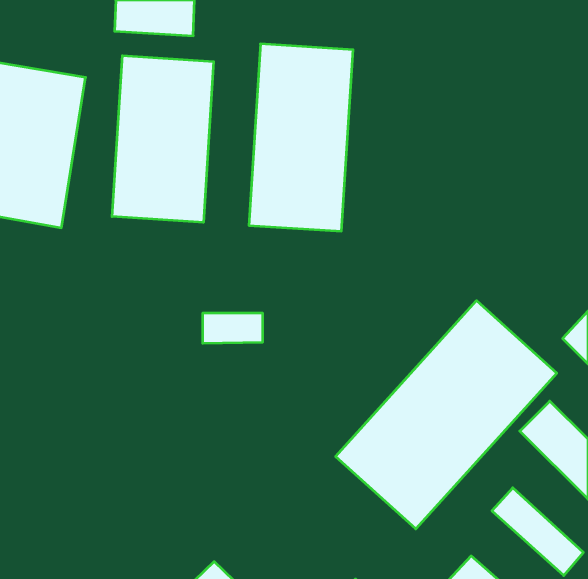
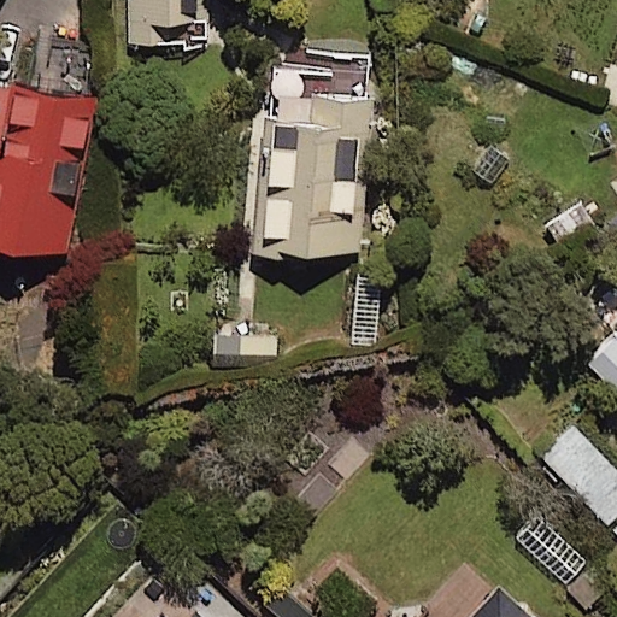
building: [112,56,214,222] -> none
building: [336,301,557,529] -> none

